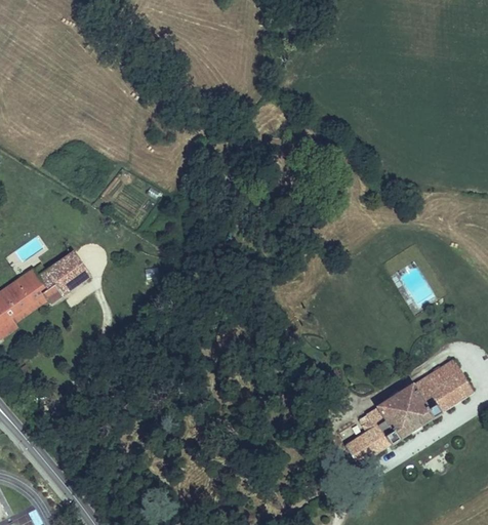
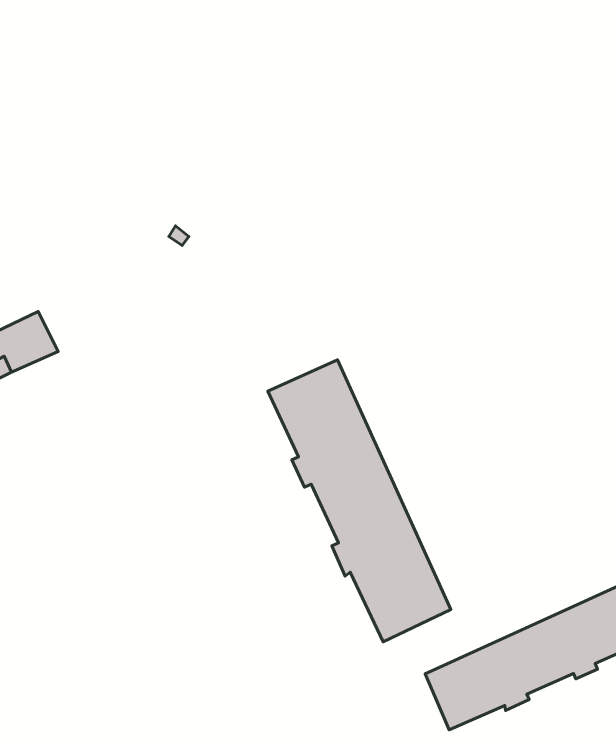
building: none -> [268,360,451,642]

